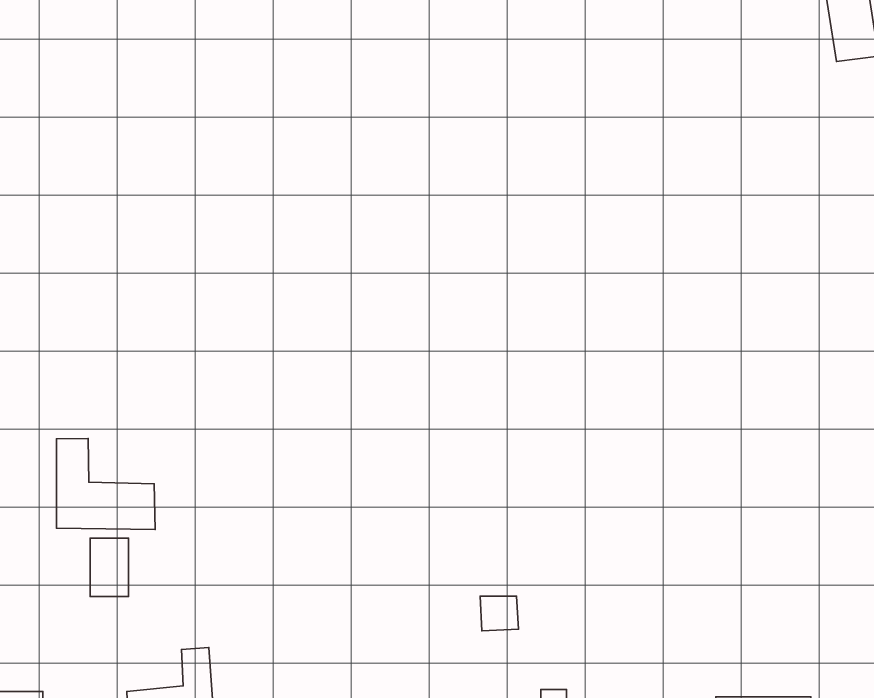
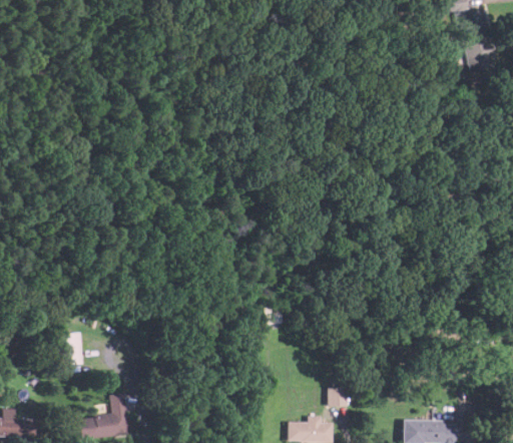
building: [57,439,155,530] -> none
building: [480,596,518,631] -> [330,385,351,404]

